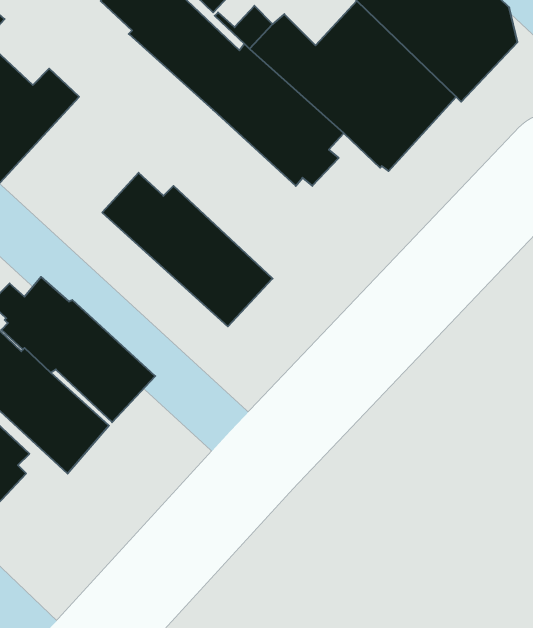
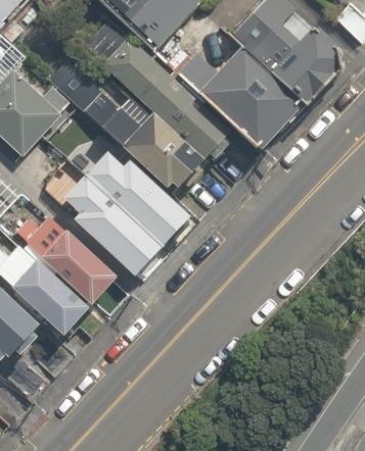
building: none -> [46,58,204,188]
building: none -> [63,174,163,275]

